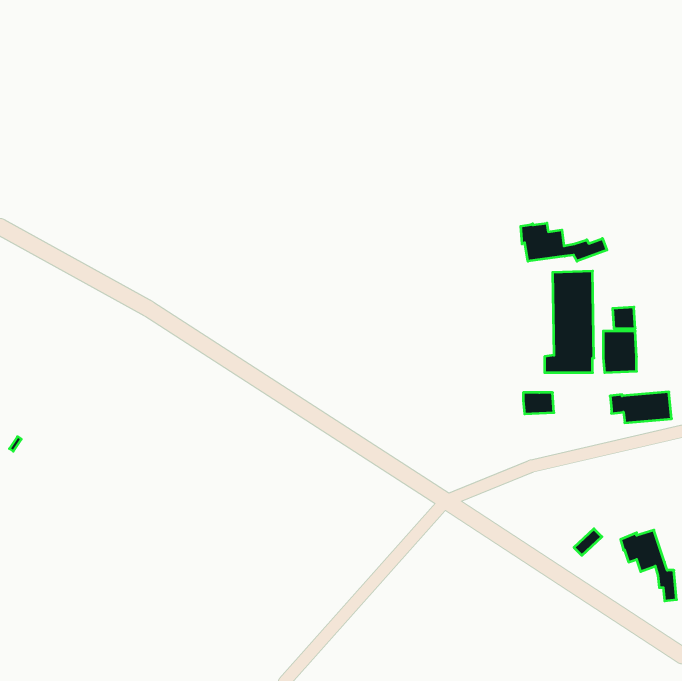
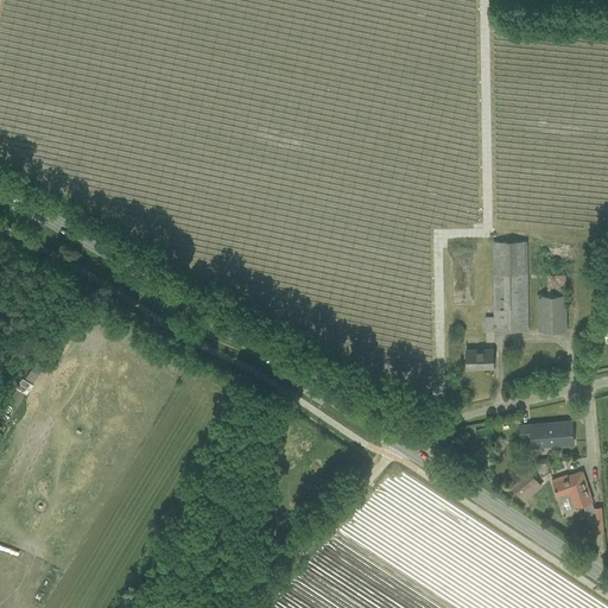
building: [521,223,607,261] -> none
building: [610,392,672,423] -> [519,422,574,449]

